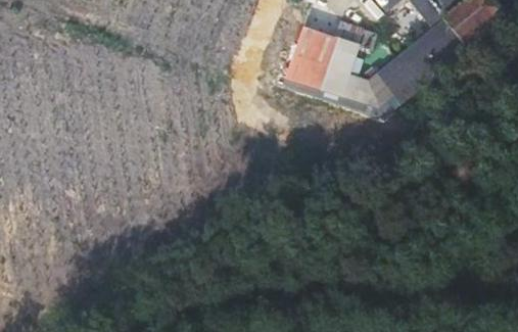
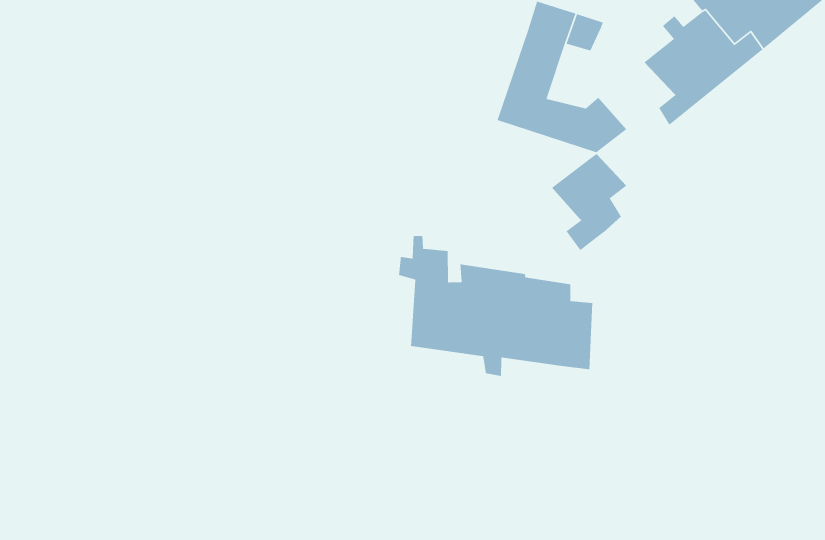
building: [355,61,397,116] -> [551,153,627,251]
building: none -> [398,235,593,377]

